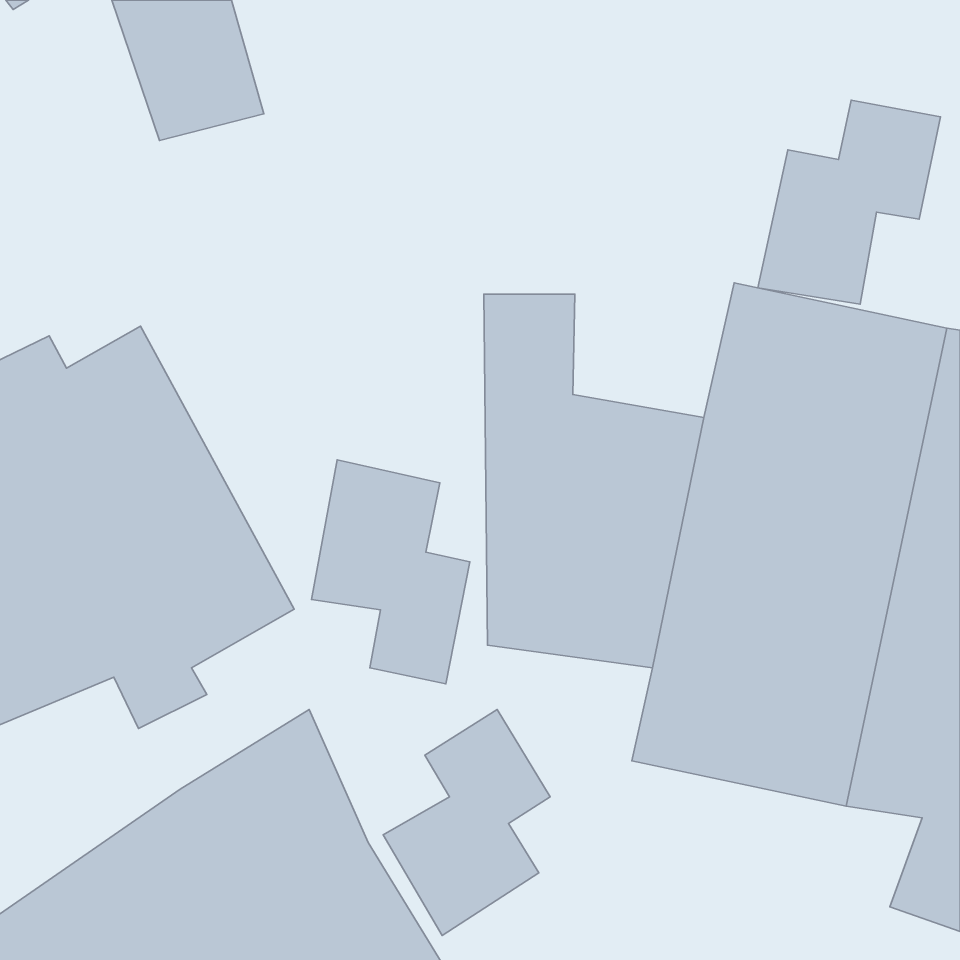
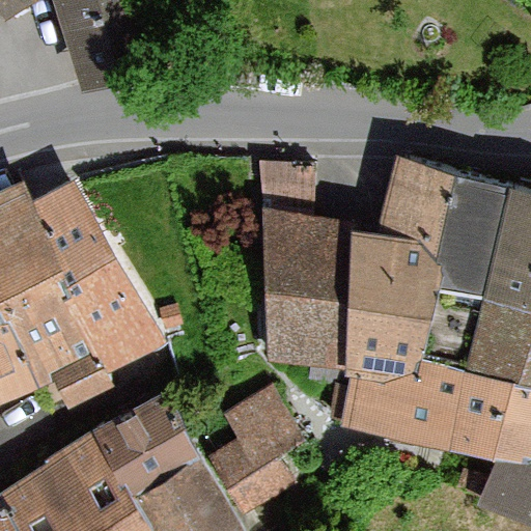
building: [758,100,941,304] -> none
building: [312,460,470,684] -> none

